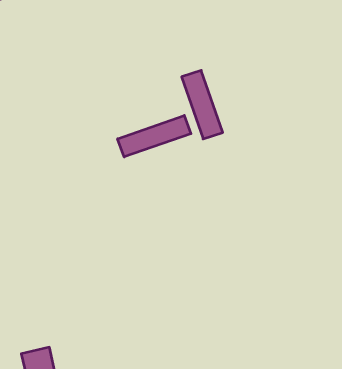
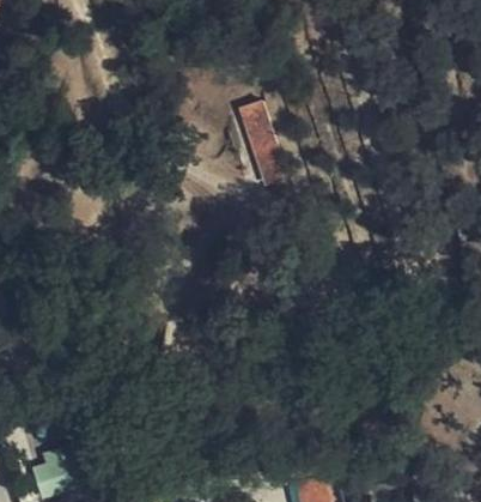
building: [118,115,191,157] -> none

